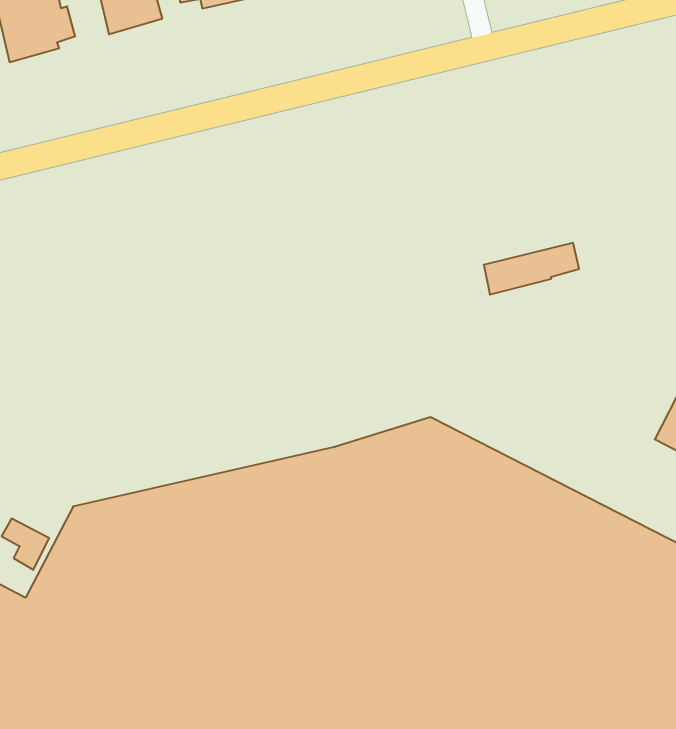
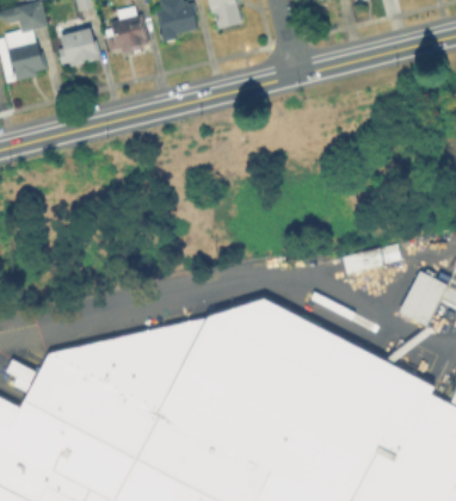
building: [484,243,579,295] -> [340,241,398,272]

